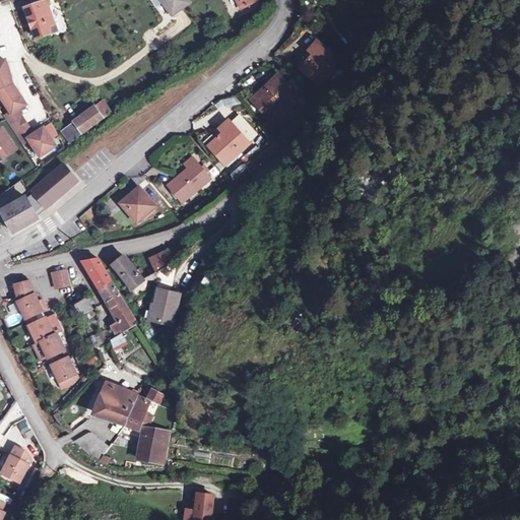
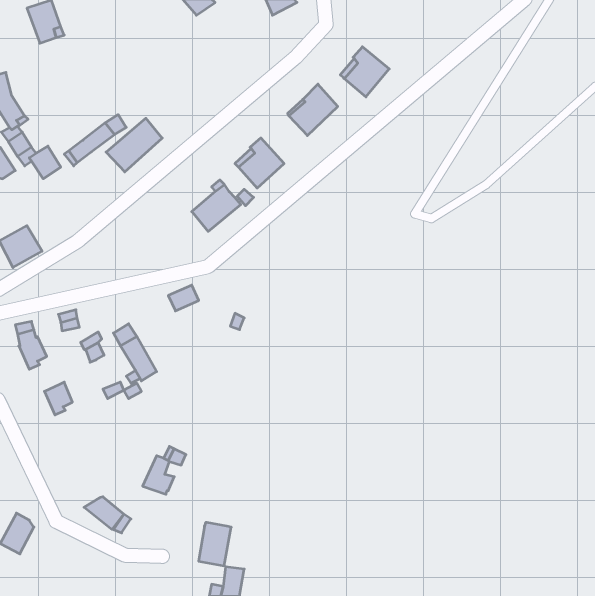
building: [27,162,76,209] -> [106,118,162,172]
building: [121,186,153,221] -> none
building: [110,254,143,287] -> none
building: [82,258,112,289] -> none
building: [148,287,179,325] -> none
building: [25,317,52,342] -> none
building: [48,356,74,381] -> none
building: [93,384,136,422] -> none
building: [139,427,168,464] -> [199,523,231,566]

